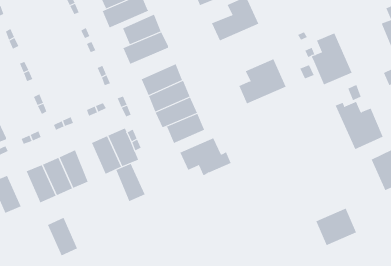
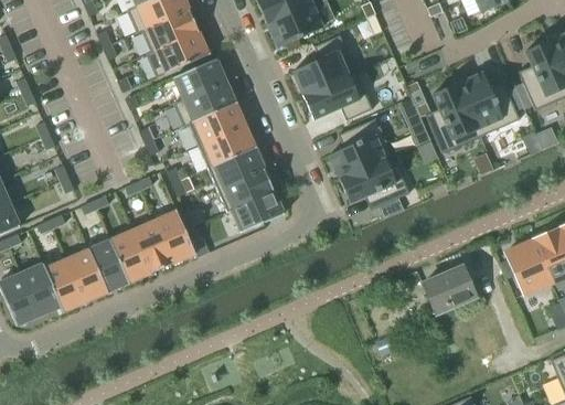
building: none -> [303,72,373,120]
building: none -> [184,104,246,146]
building: [335,101,384,150] -> [455,72,520,137]
building: [179,135,232,176] -> [340,156,409,210]
building: [116,163,145,202] -> [111,231,151,283]
building: [316,208,357,246] -> [422,266,477,317]
building: [47,217,78,256] -> [21,264,62,316]

